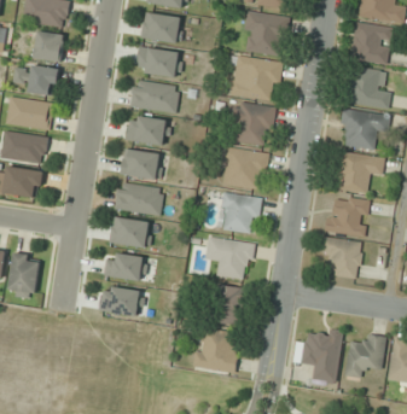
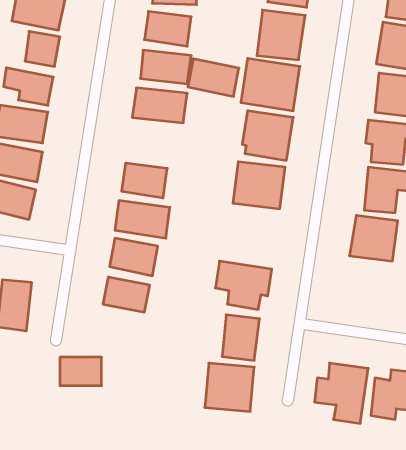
building: [124,113,170,147] -> [188,59,239,96]
building: [215,191,262,235] -> none
building: [320,237,361,279] -> none
building: [101,288,139,314] -> [60,357,102,386]

